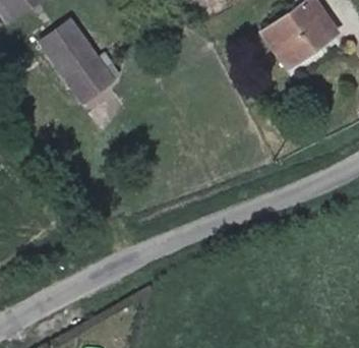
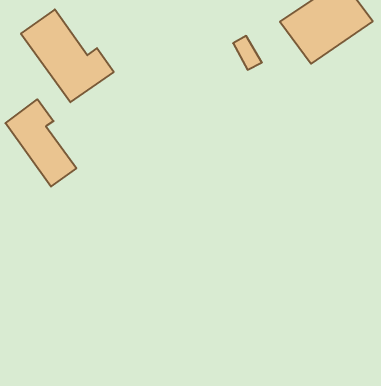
building: none -> [5,99,76,187]

